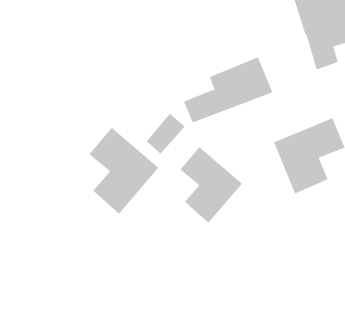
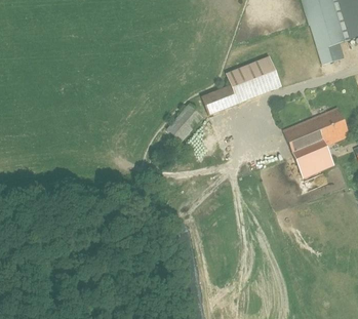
building: [88,127,159,214] -> none
building: [179,146,243,224] -> none

